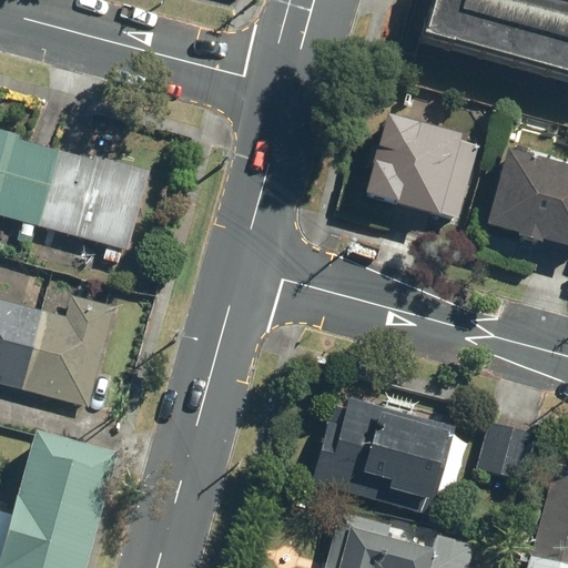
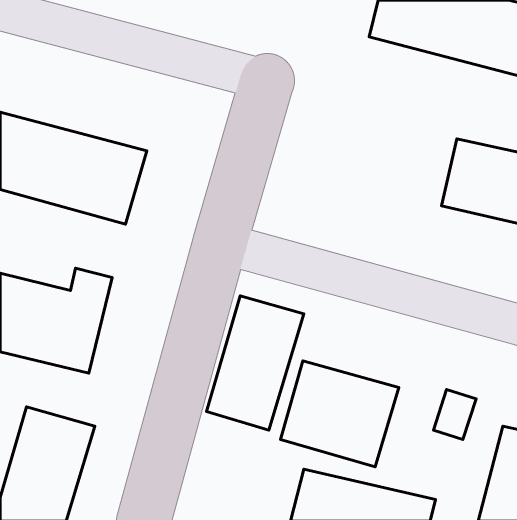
building: [348,115,478,224] -> none
building: none -> [207,296,304,430]

